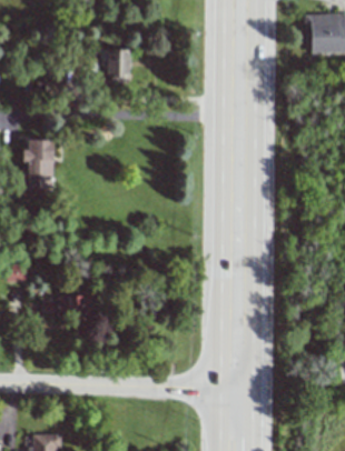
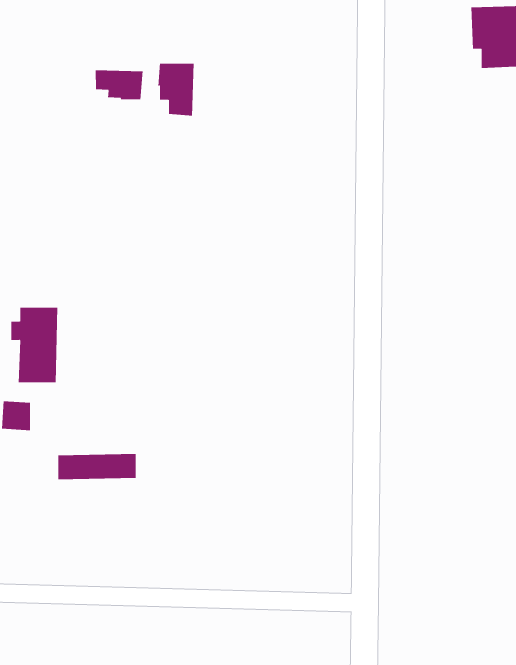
building: none -> [95,69,143,100]
building: [23,141,53,189] -> [11,307,58,383]

